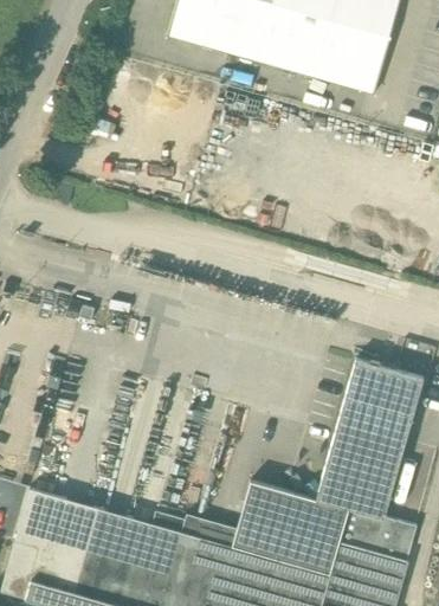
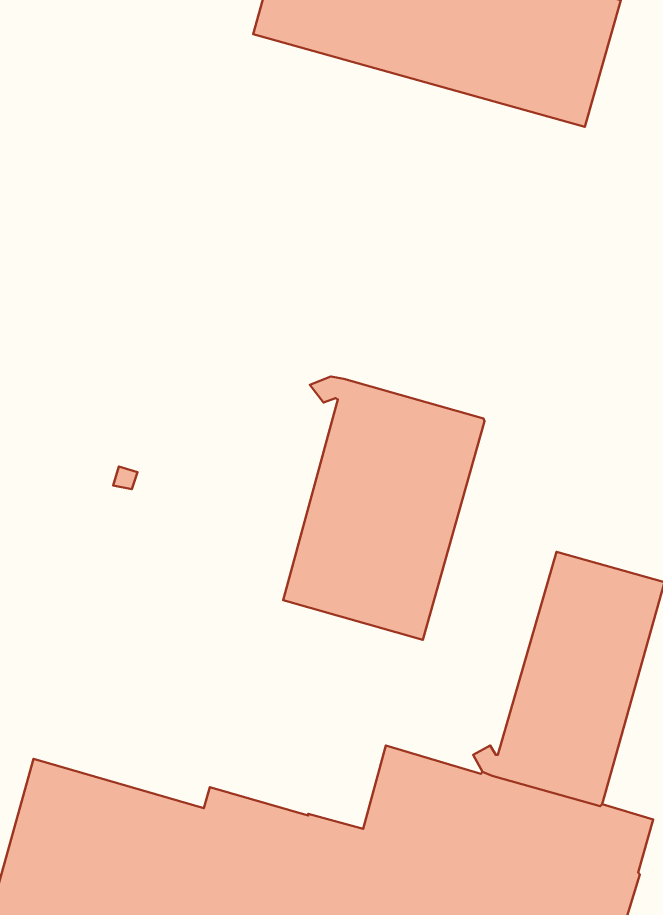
building: none -> [283,376,484,640]

